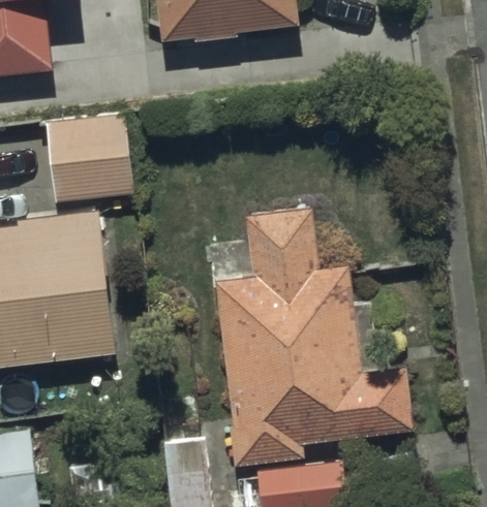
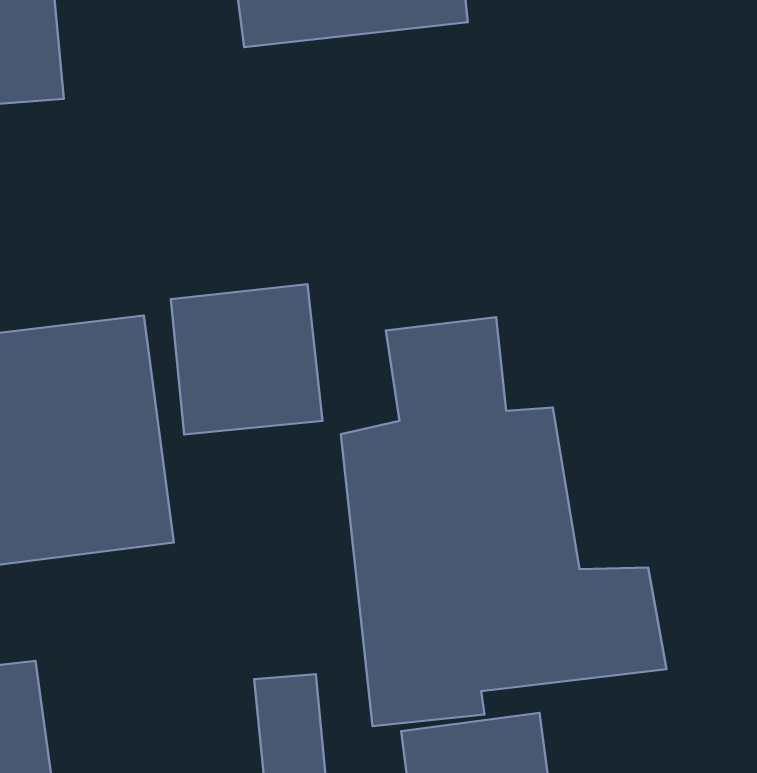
building: [43,105,138,198] -> [171,284,323,434]

